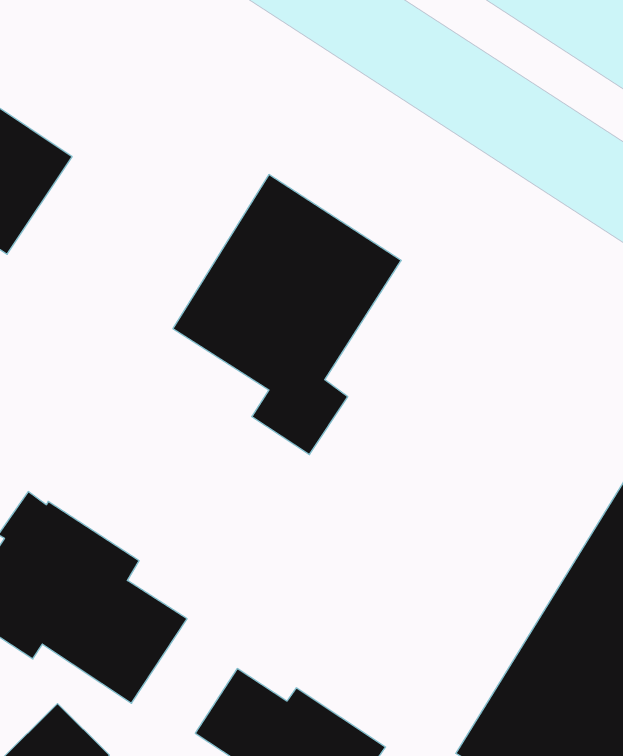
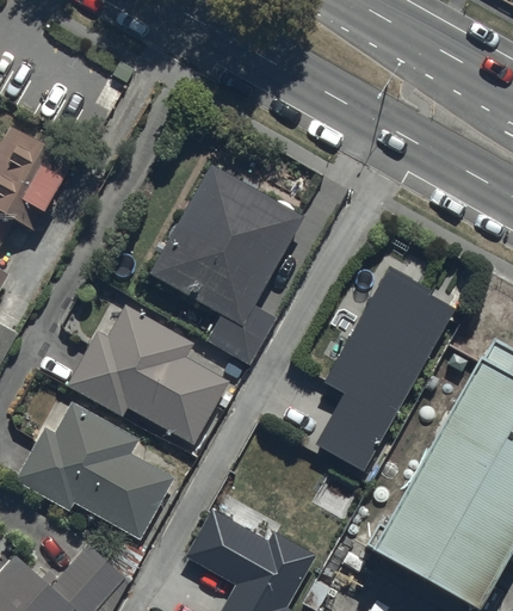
building: none -> [314,270,455,473]
building: none -> [67,301,229,445]

